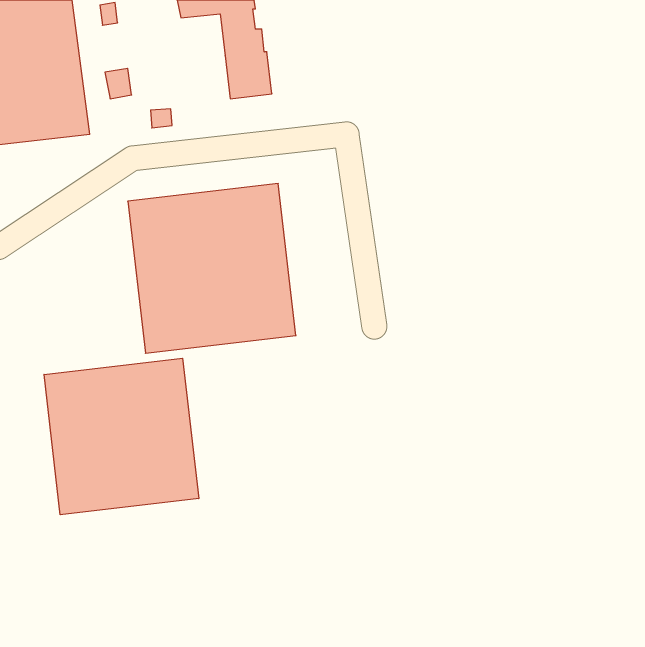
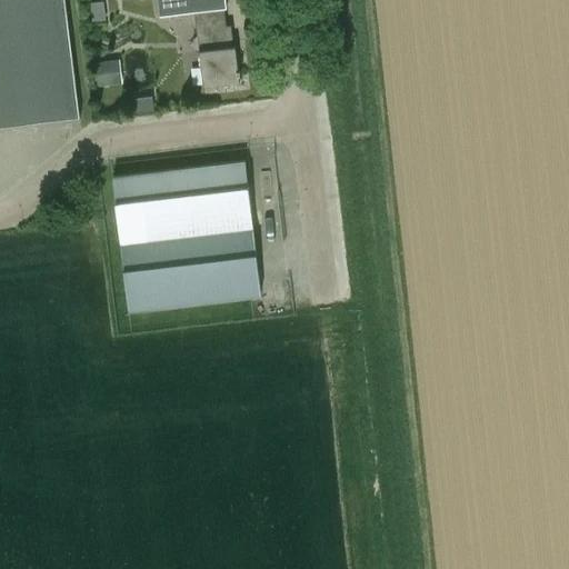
building: [44,358,199,515] -> none

